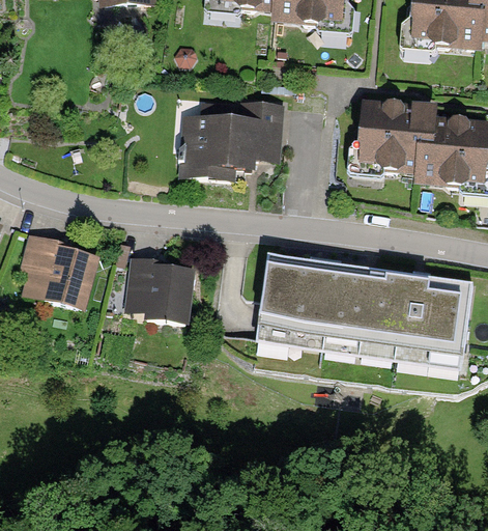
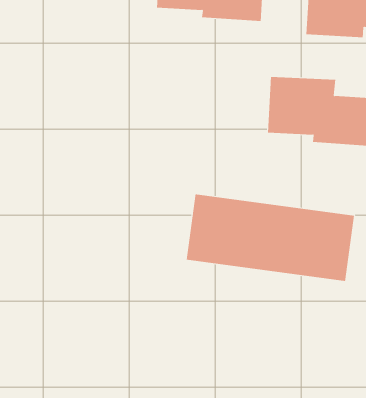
building: [184,97,286,173] -> none
building: [20,233,91,306] -> none
building: [127,256,189,319] -> none

